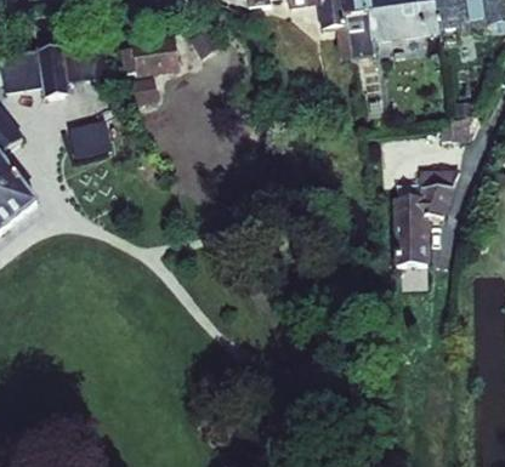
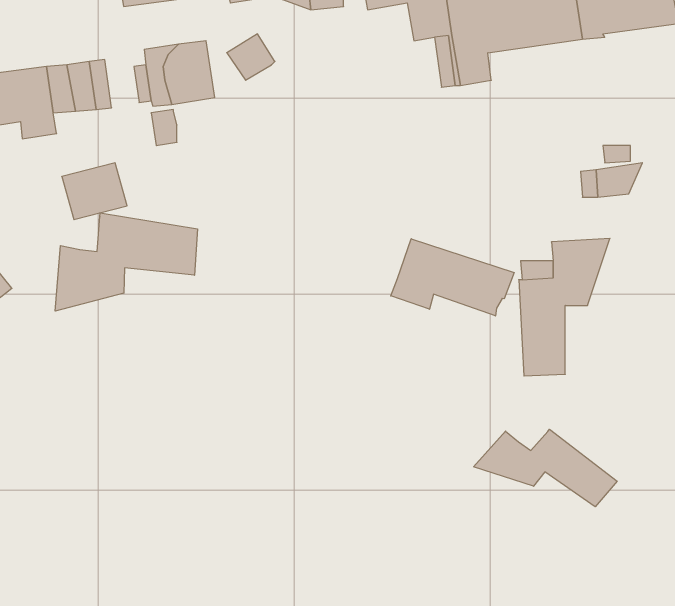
building: none -> [55,213,197,311]
building: none -> [391,239,514,316]
building: none -> [474,429,617,507]

